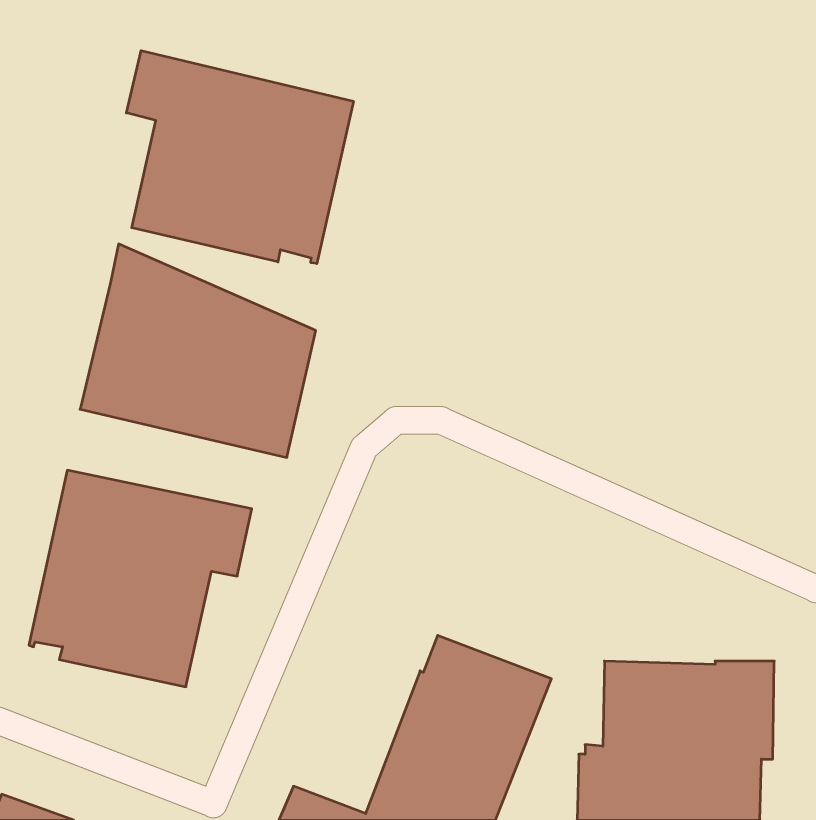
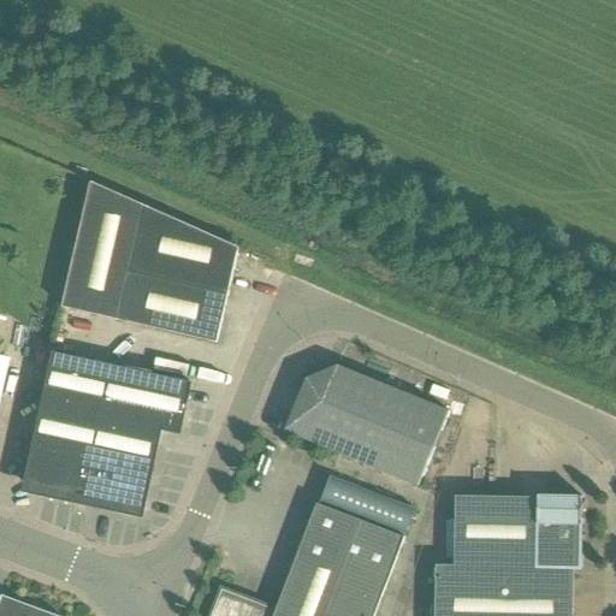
building: [126,51,353,264] -> none
building: none -> [284,365,448,486]

